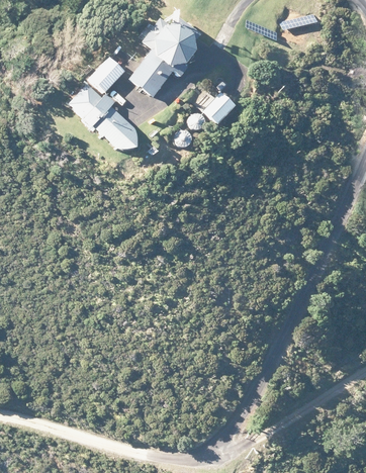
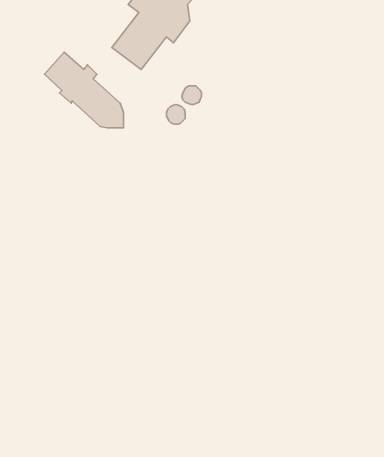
building: [90,57,124,91] -> none
building: [203,93,235,125] -> none

